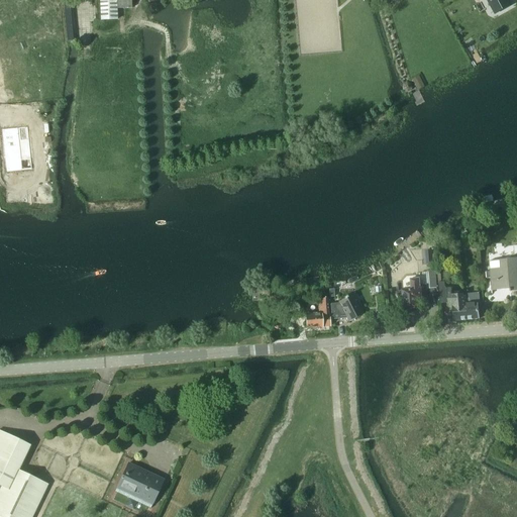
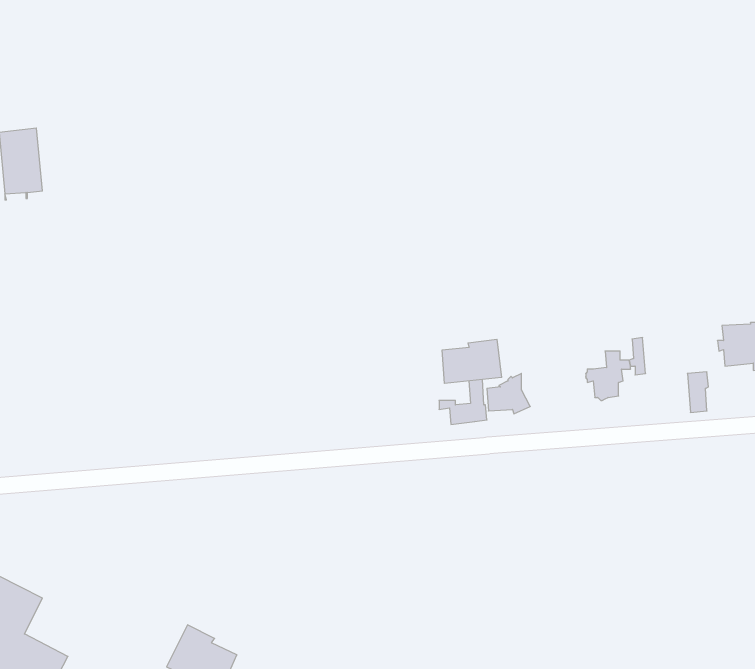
building: none -> [442,339,502,383]
building: [438,280,468,319] -> none

